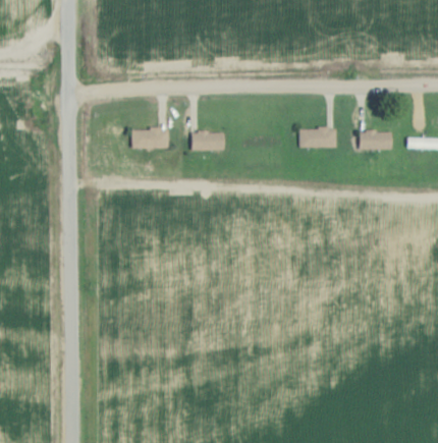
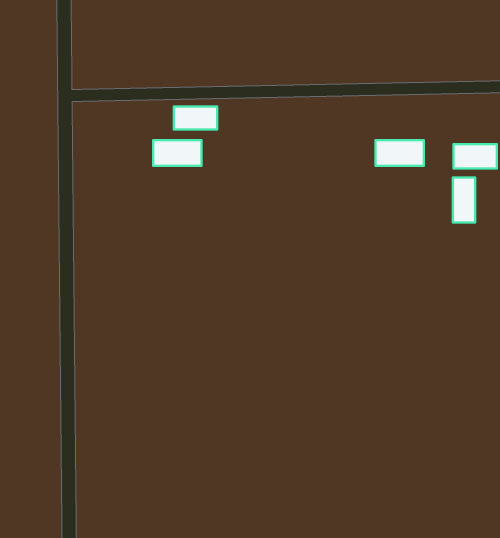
building: [191,132,224,150] -> [174,107,217,130]
building: none -> [453,178,475,223]

